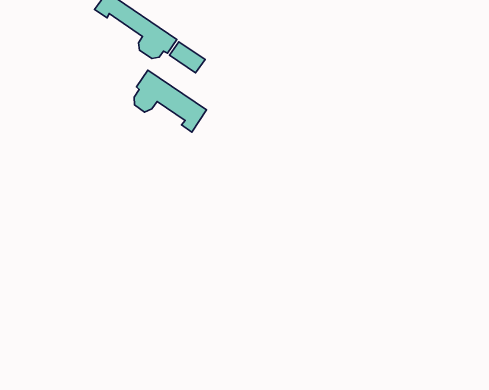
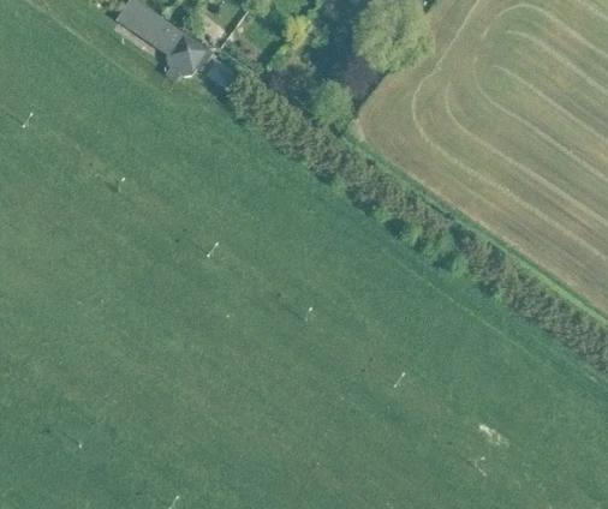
building: [134,70,206,132] -> none

